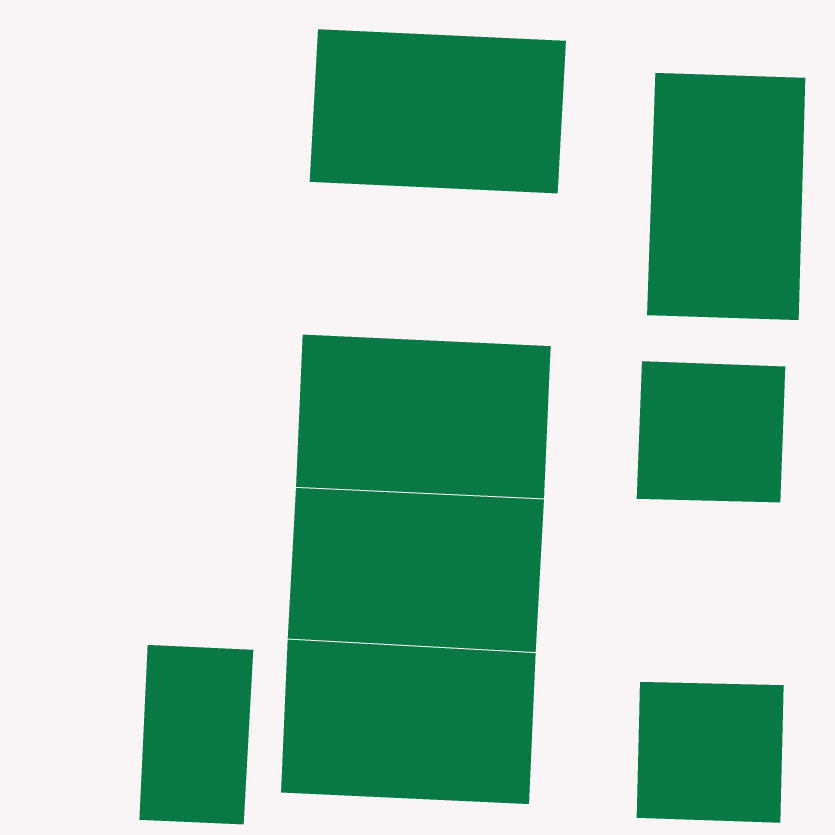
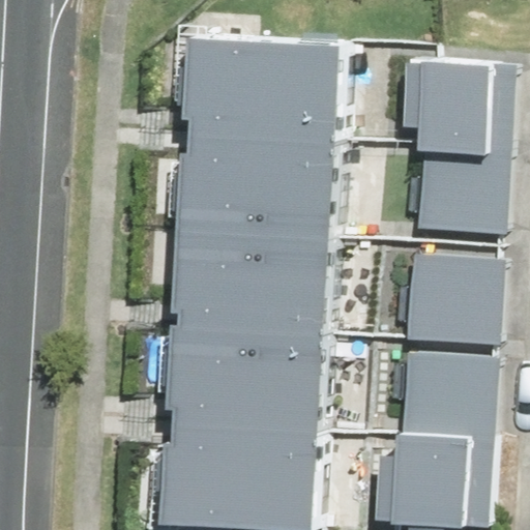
building: none -> [185,128,343,229]
building: none -> [385,335,477,422]
building: [139,644,254,825] -> none

